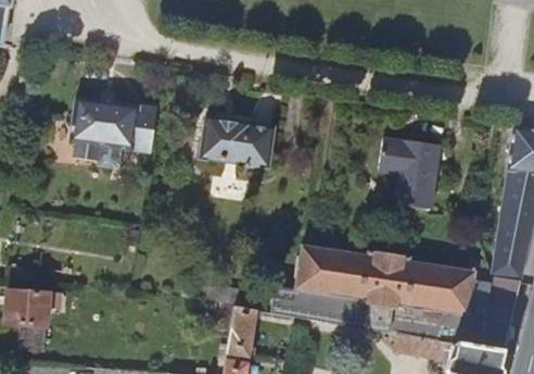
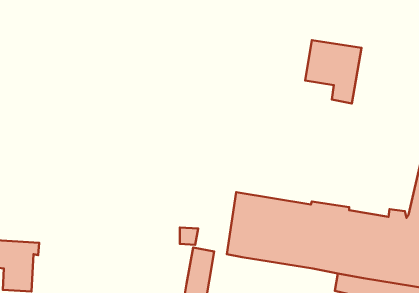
building: [69,99,156,164] -> none
building: [199,120,269,171] -> none
building: [376,139,440,211] -> [305,40,361,103]

